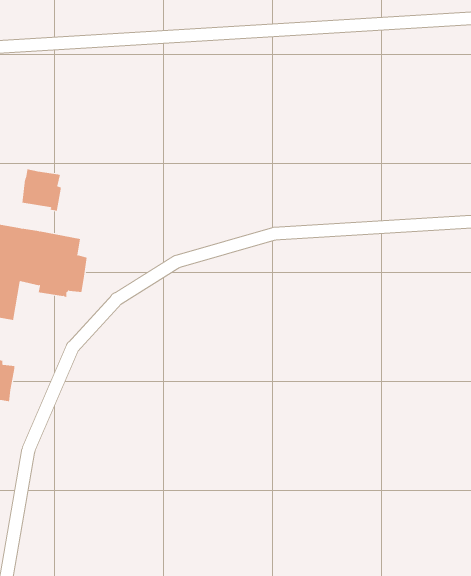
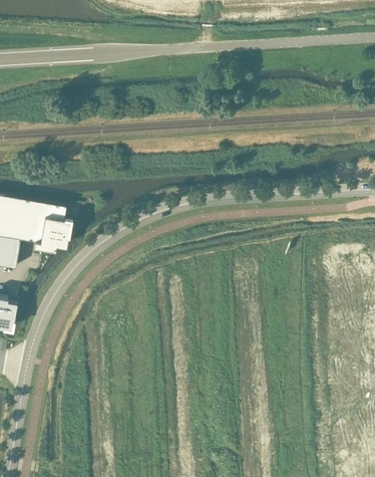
building: [22,168,61,212] -> none

